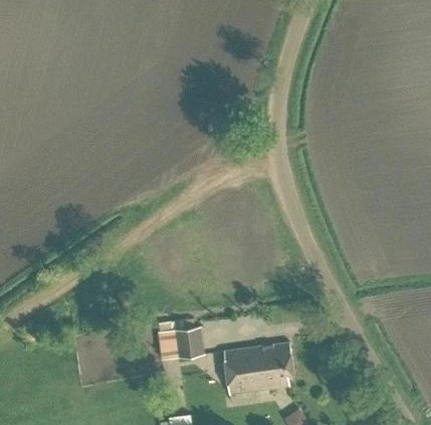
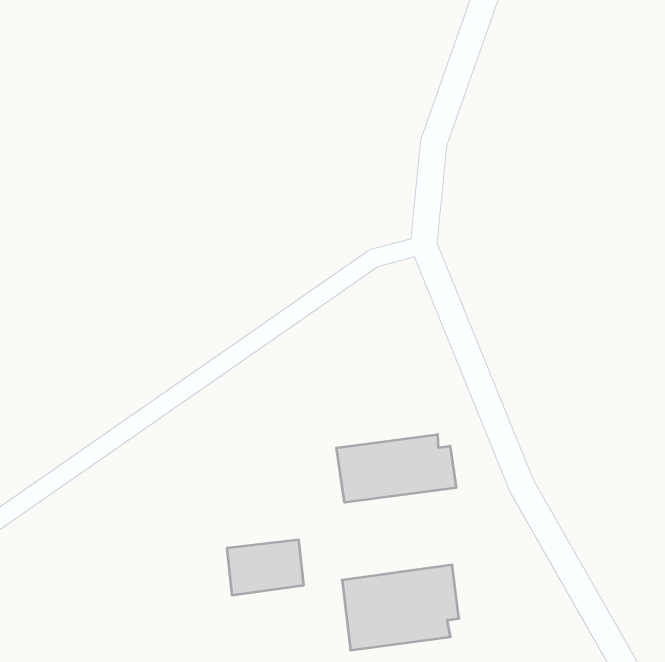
building: none -> [336,434,456,502]

